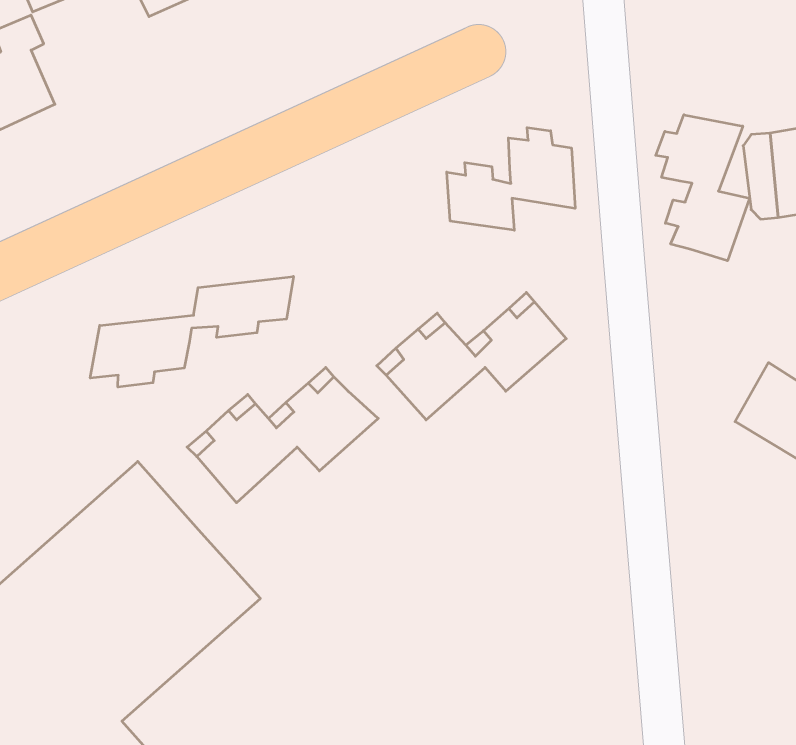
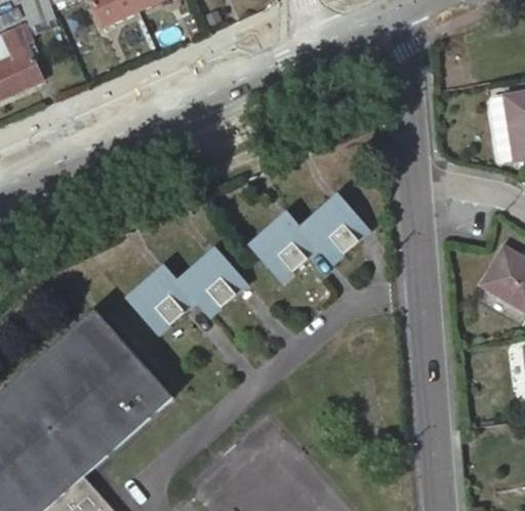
building: [656,115,750,261] -> none
building: [447,128,575,230] -> none
building: [90,276,293,387] -> none

